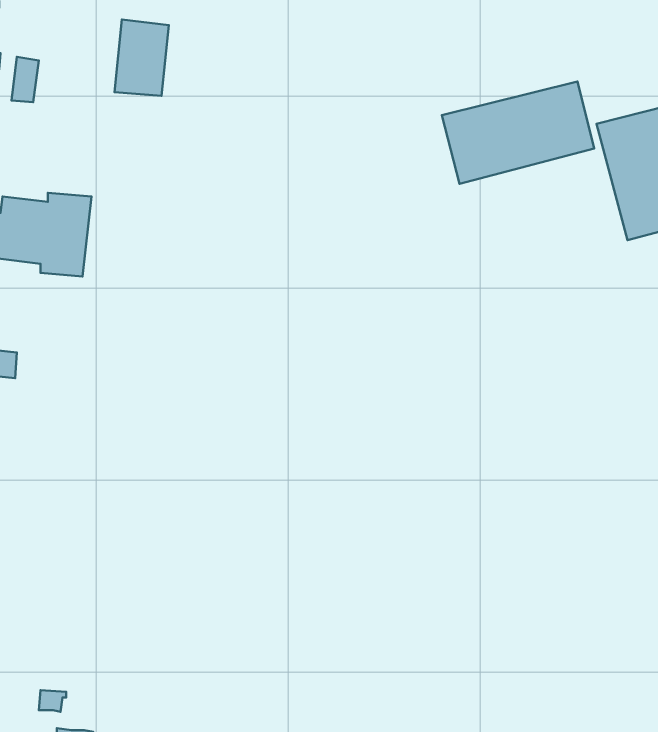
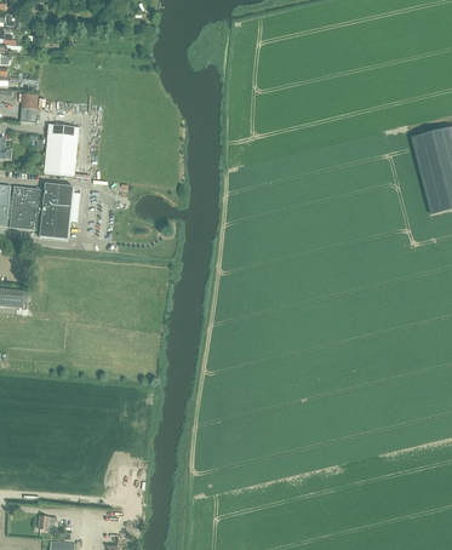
building: [114,20,169,96] -> [42,124,79,174]
building: [442,81,594,184] -> none

